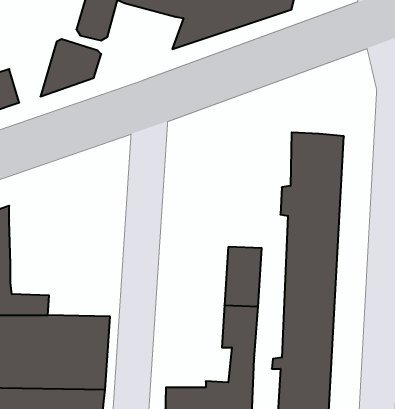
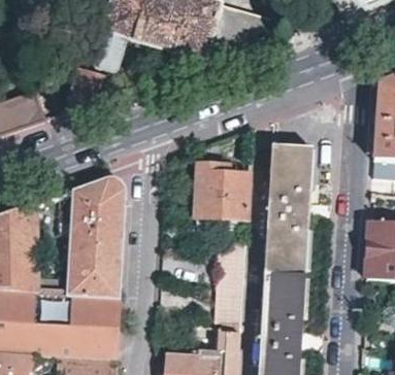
building: none -> [195,163,249,218]
building: none -> [68,176,126,296]

